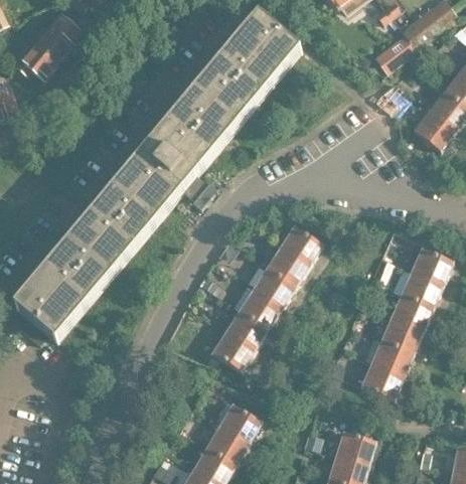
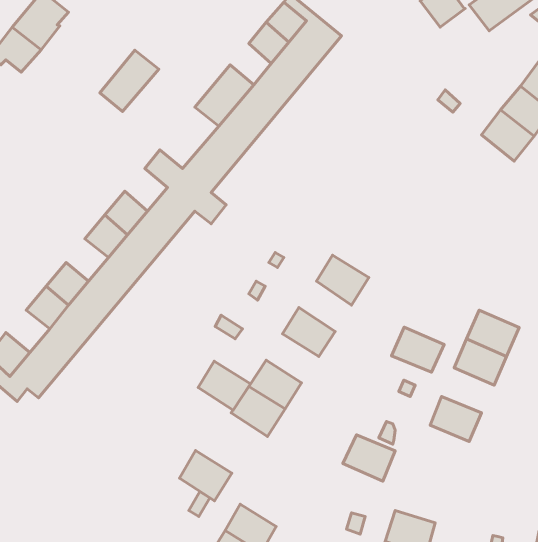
building: [374,33,415,69] -> none
building: [210,54,244,88] -> none
building: [154,106,201,155] -> [100,50,159,112]
building: [126,155,160,189] -> none
building: [79,211,113,246] -> none
building: [411,231,453,283] -> none
building: [266,246,308,286] -> none
building: [30,269,65,303] -> none
building: [240,288,282,327] -> [198,361,251,410]
building: [380,315,423,351] -> [391,327,444,372]
building: [360,361,403,398] -> [343,435,395,481]
building: [219,402,262,443] -> [179,451,232,501]

